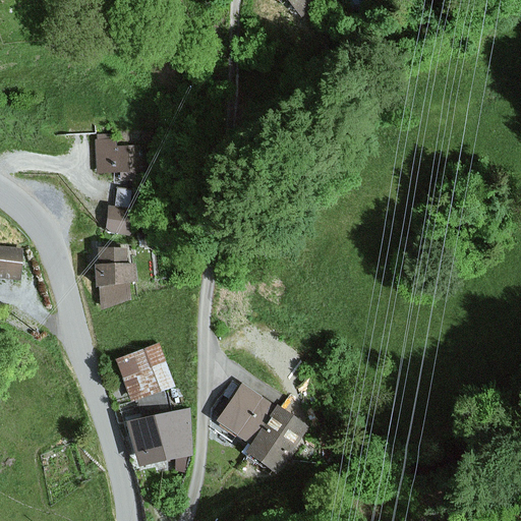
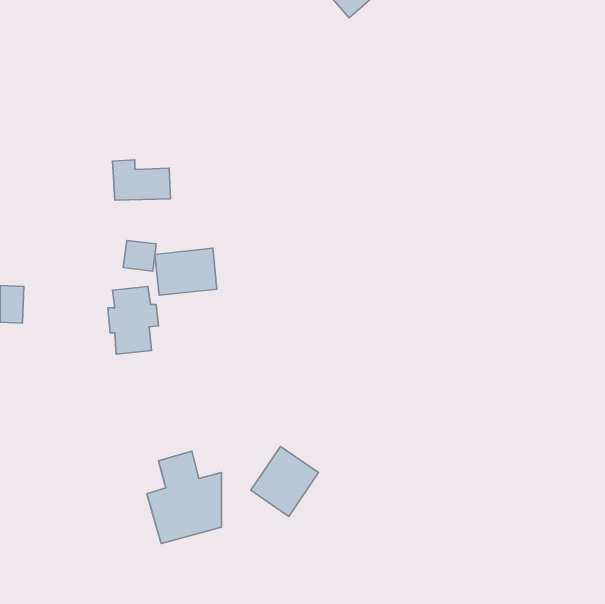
building: none -> [155,248,217,295]
building: [116,344,172,398] -> none
building: [243,406,305,473] -> none

